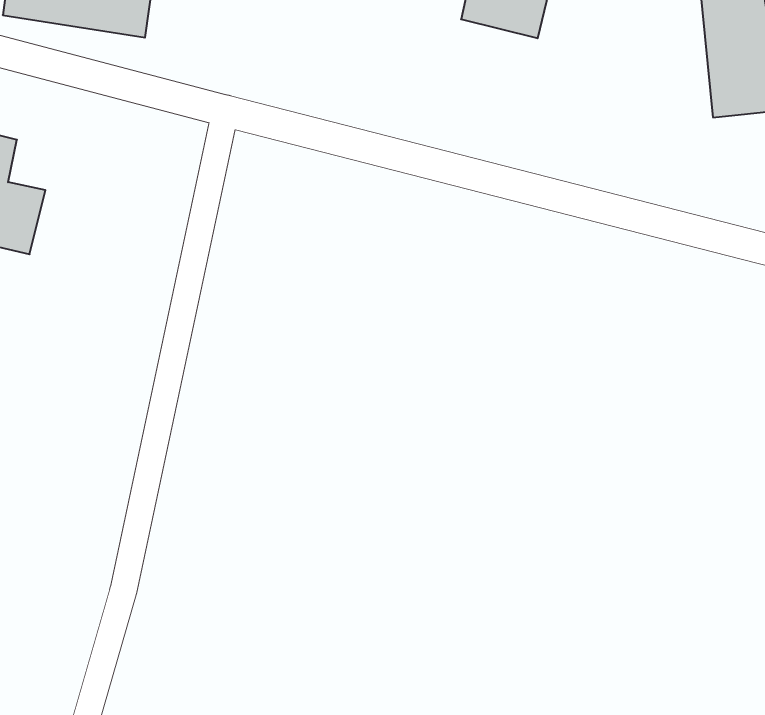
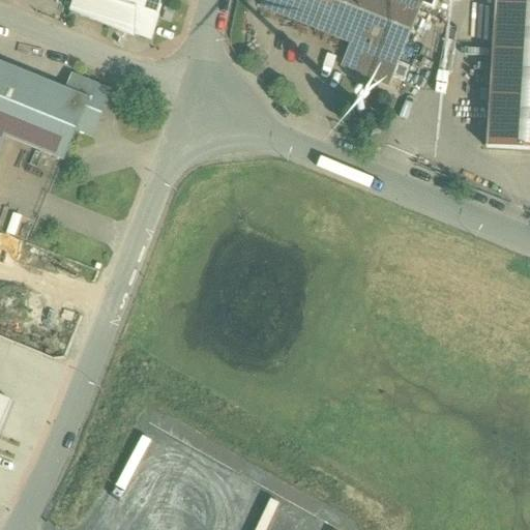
building: none -> [55,68,110,127]

